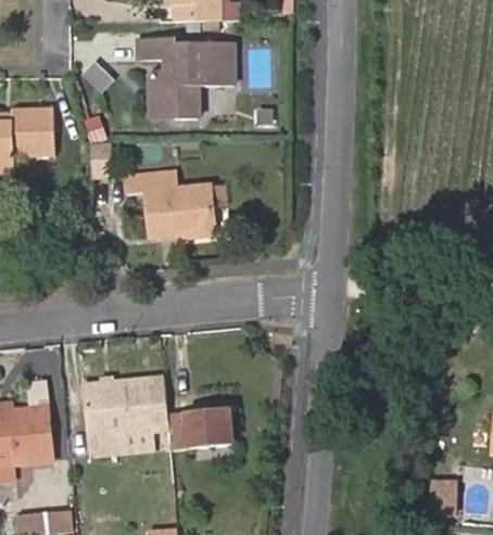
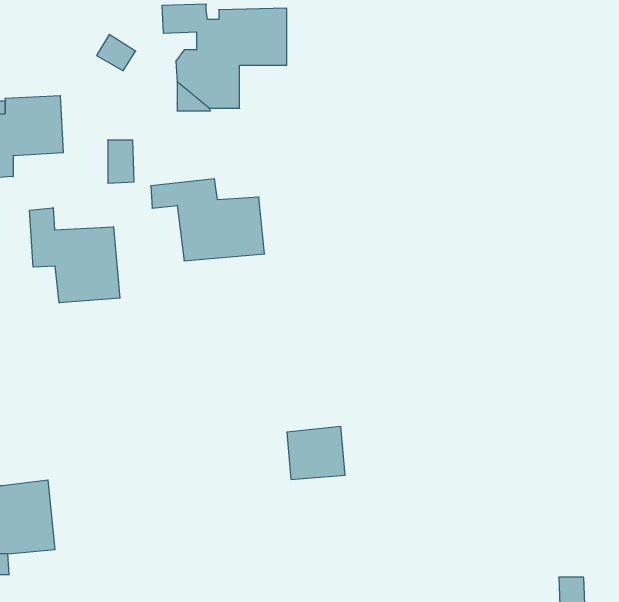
building: none -> [30,208,120,303]
building: [80,380,165,455] -> none
building: [181,408,227,449] -> [287,427,345,479]

